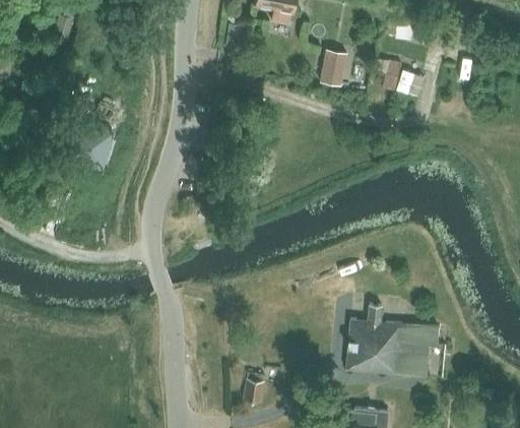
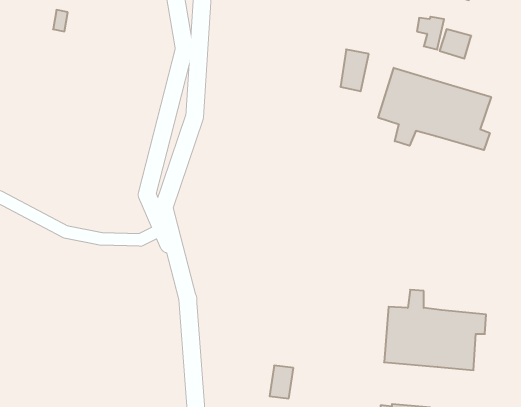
building: [322,49,347,86] -> [340,49,369,91]
building: none -> [378,68,491,150]

